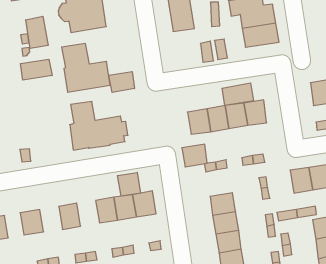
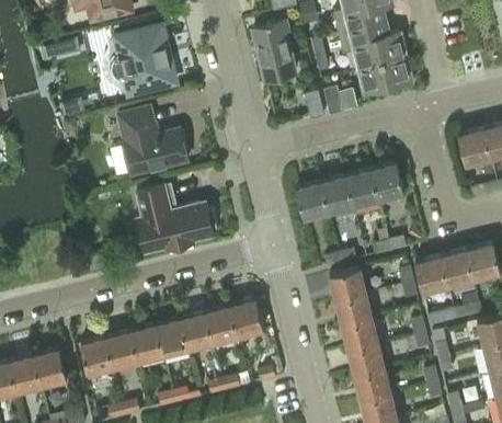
building: [26,16,48,48] -> none
building: [21,59,52,80] -> none
building: [109,72,134,92] -> none
building: [222,83,253,106] -> none
building: [182,144,207,167] -> [329,268,365,301]
building: none -> [414,256,448,294]
building: [117,172,141,196] -> none
building: none -> [156,320,189,356]
building: none -> [106,332,139,368]

